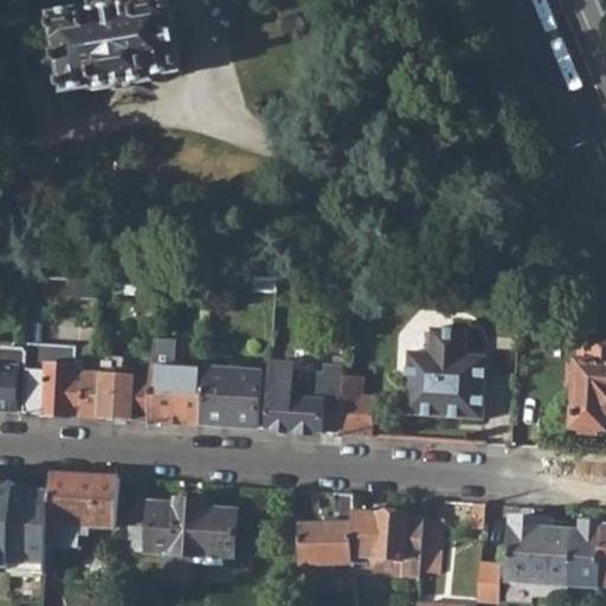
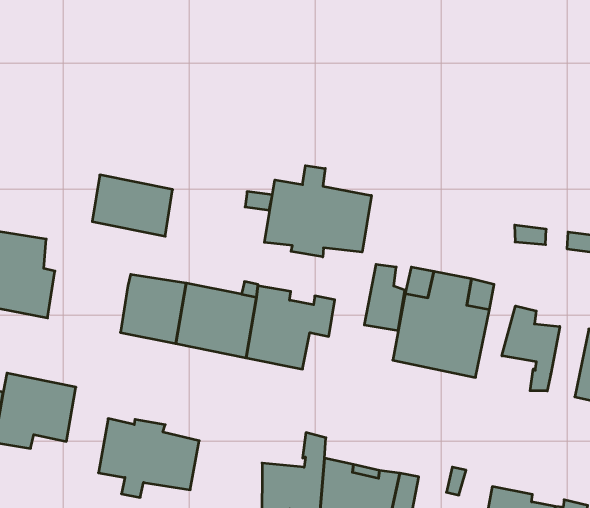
building: none -> [264,166,371,257]
building: none -> [502,306,560,391]
building: [82,372,152,420] -> [92,175,173,236]
building: [341,376,374,434] -> [364,264,405,331]

